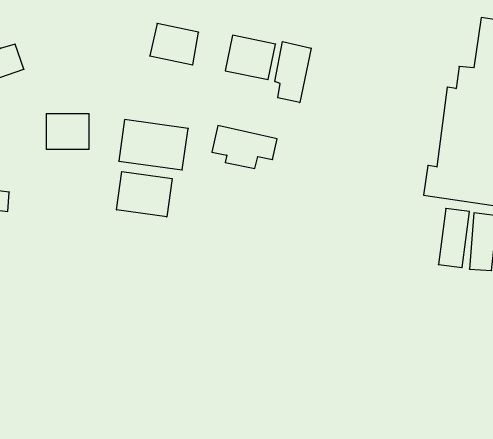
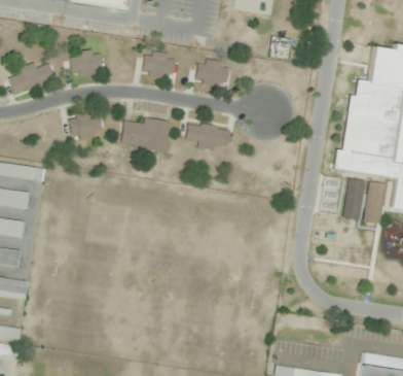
building: none -> [73,49,102,75]
building: [275,42,311,103] -> none
building: [117,172,172,217] -> none

